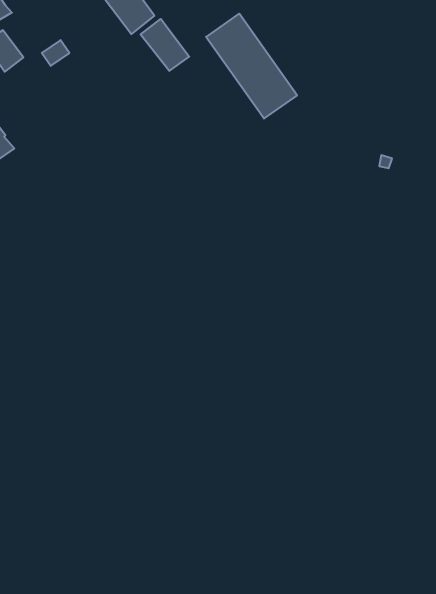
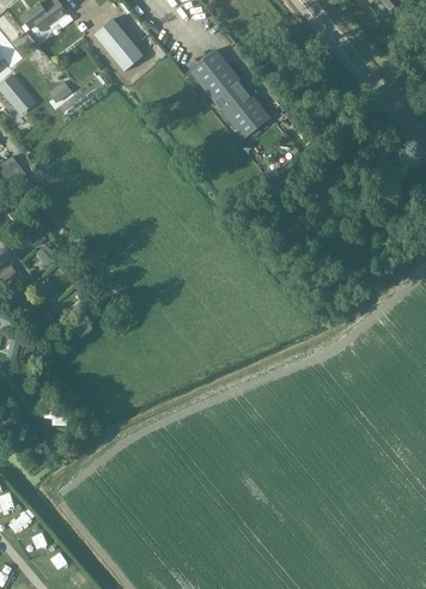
building: [141,19,189,71] -> none

